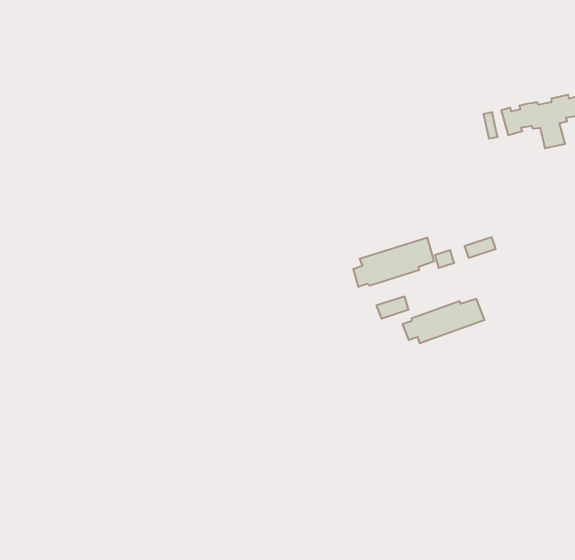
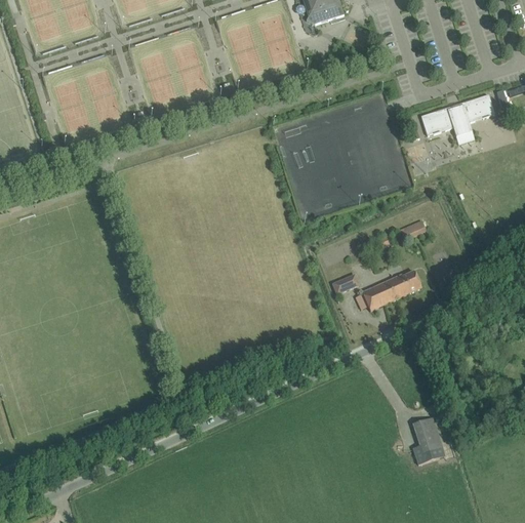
building: [353,238,434,287] -> none
building: none -> [413,416,445,464]

